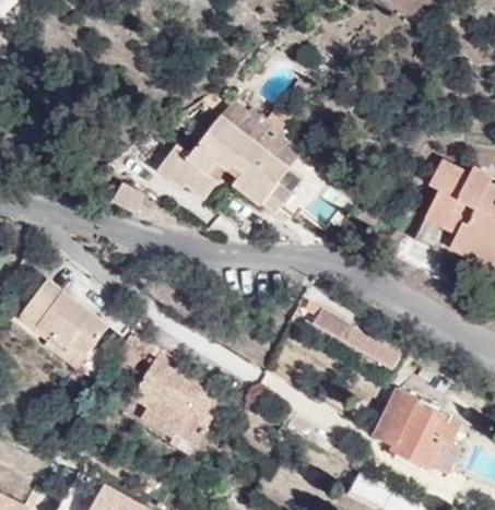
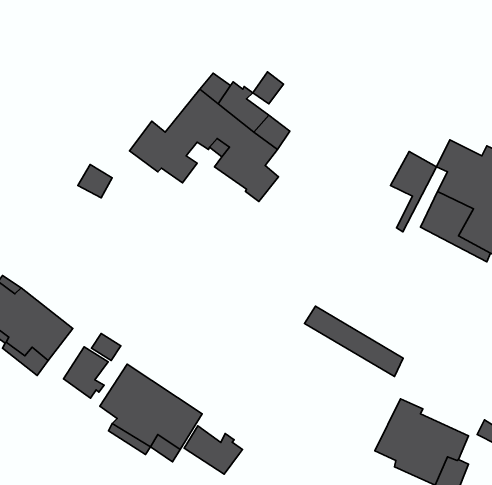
building: none -> [390,151,436,232]
building: none -> [64,347,108,398]
building: none -> [184,426,243,474]

